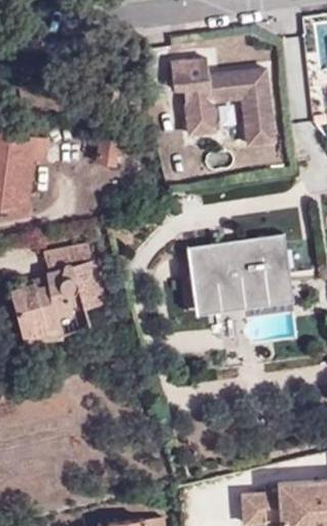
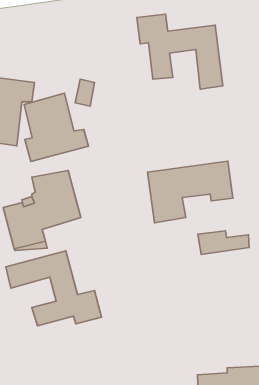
building: none -> [24,93,88,161]
building: [228,274,291,303] -> [198,231,249,254]
building: none -> [6,251,102,326]

